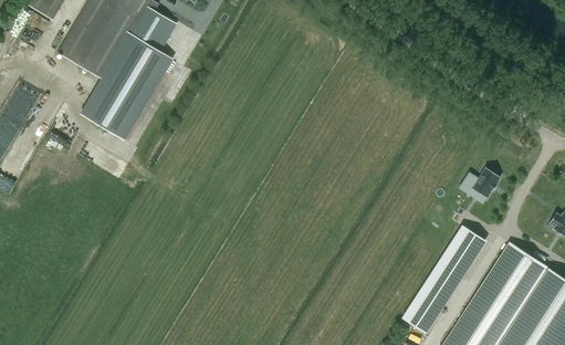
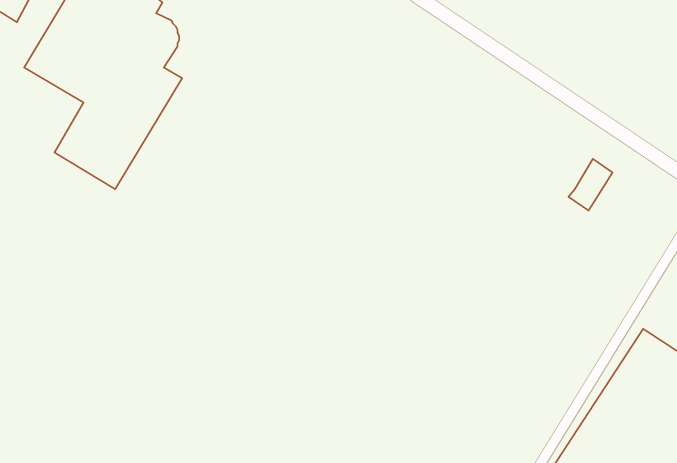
building: [469,166,501,203] -> [569,159,613,210]
building: [401,224,481,330] -> none

